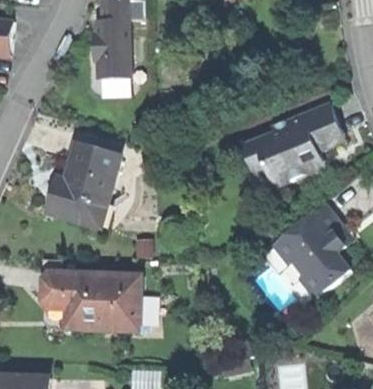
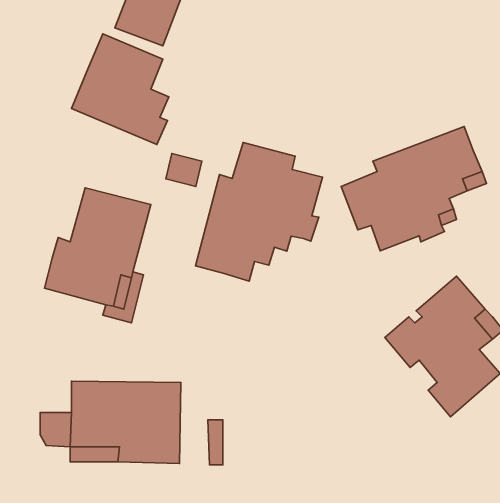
building: none -> [195,142,322,281]

